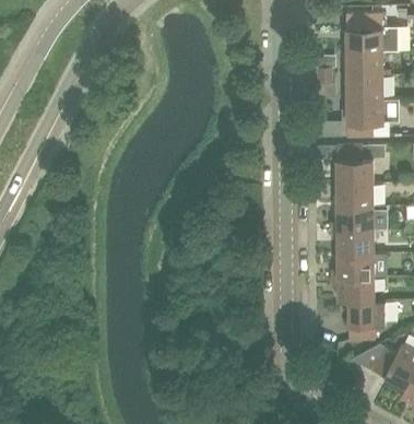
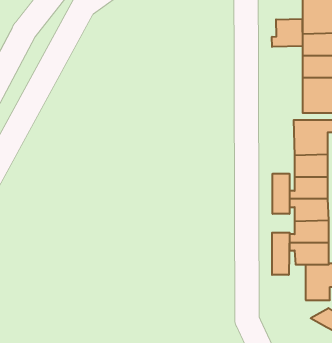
building: none -> [272,19,303,47]
building: none -> [273,174,289,214]
building: none -> [272,233,290,275]

